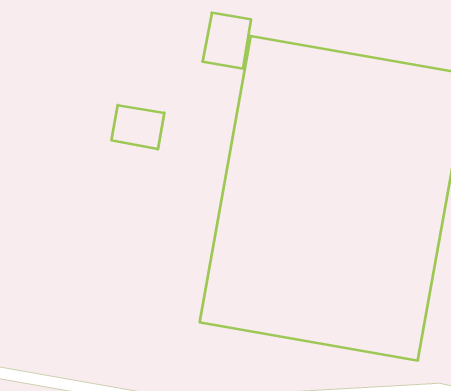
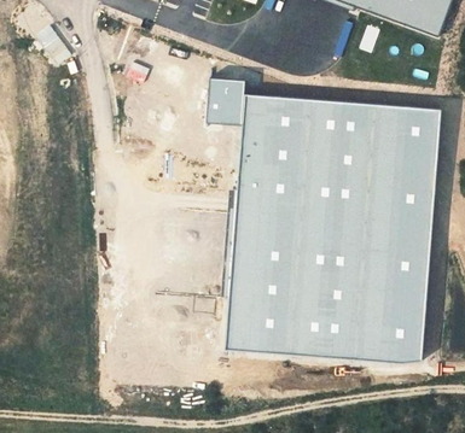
building: [112,105,164,149] -> none

